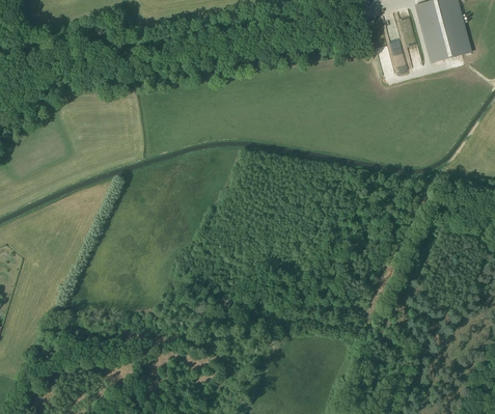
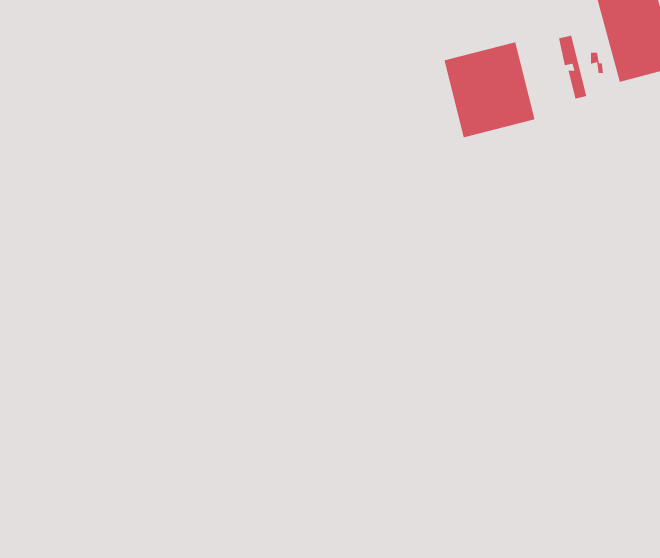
building: none -> [444,41,535,138]

